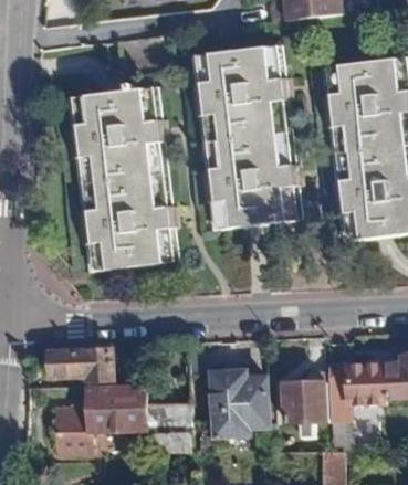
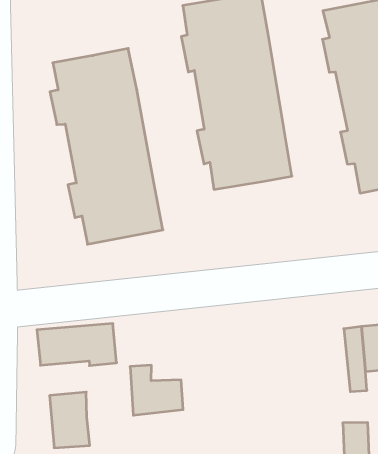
building: [208,367,270,439] -> none
building: [281,379,326,440] -> none
building: [86,384,129,431] -> none

